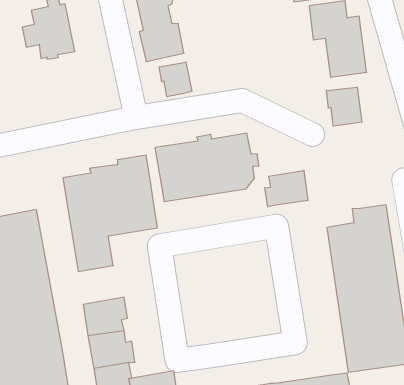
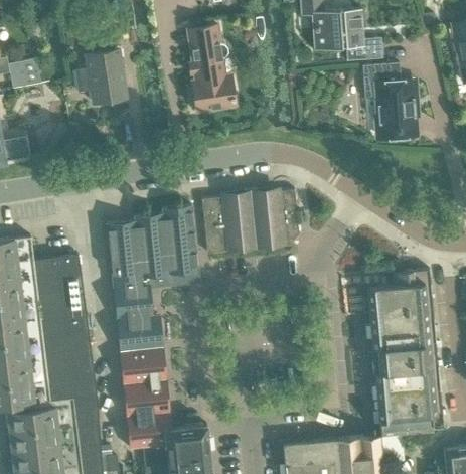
building: [159,62,192,97] -> none
building: [327,87,362,126] -> none
building: [265,170,308,207] -> none
building: none -> [117,315,161,352]

